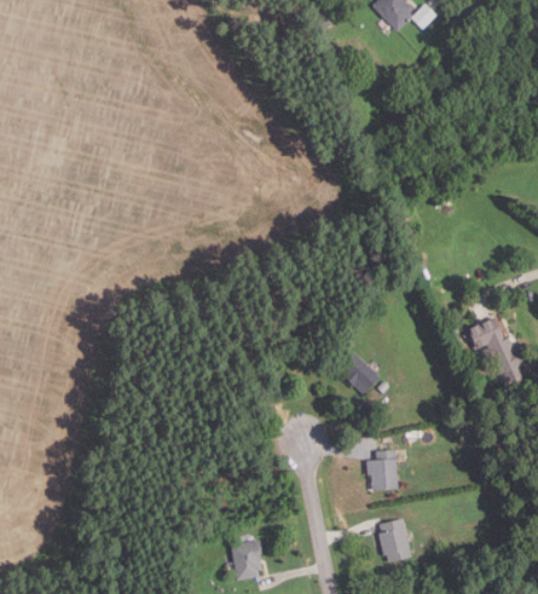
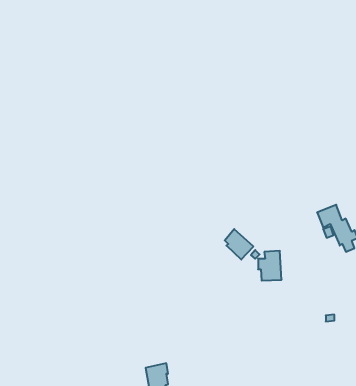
building: [366,449,399,490] -> [258,251,282,281]
building: [378,518,411,561] -> none

